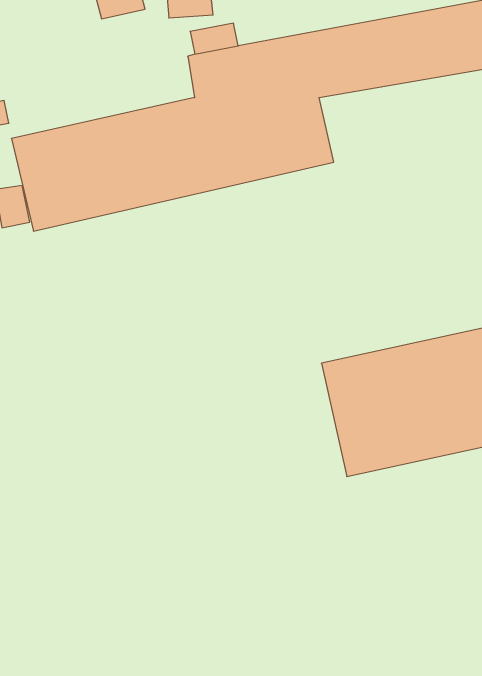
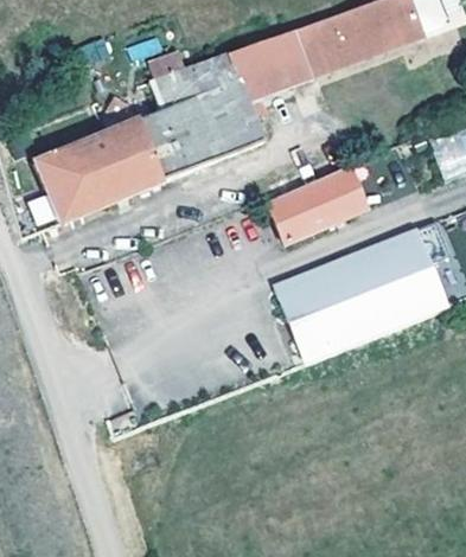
building: none -> [270,165,368,237]

